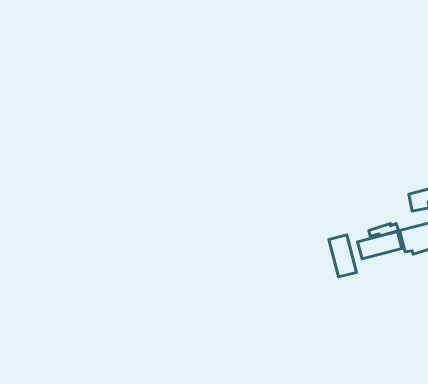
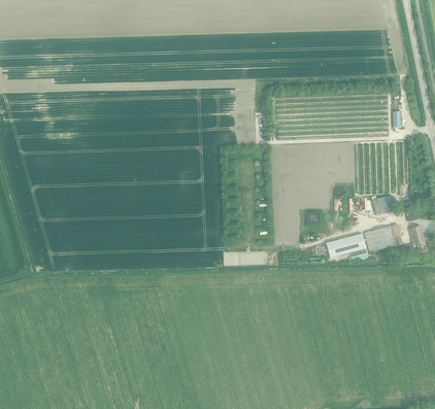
building: [329,235,357,277] -> none

